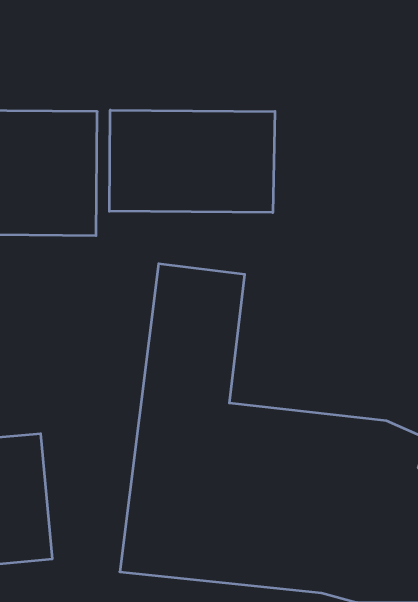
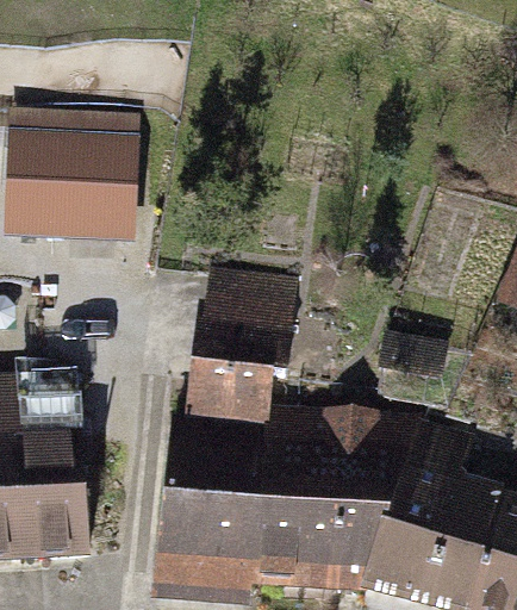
building: [109,110,275,213] -> none

